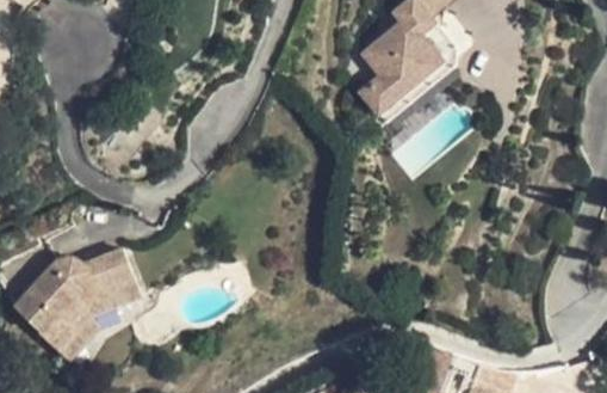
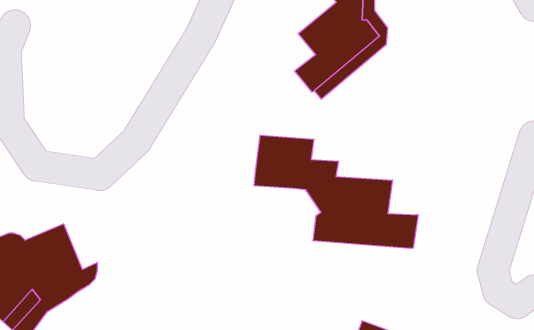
building: none -> [254,135,418,249]

